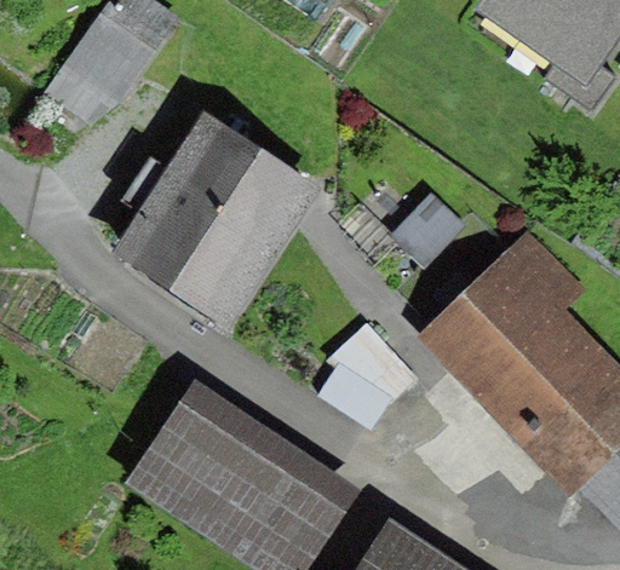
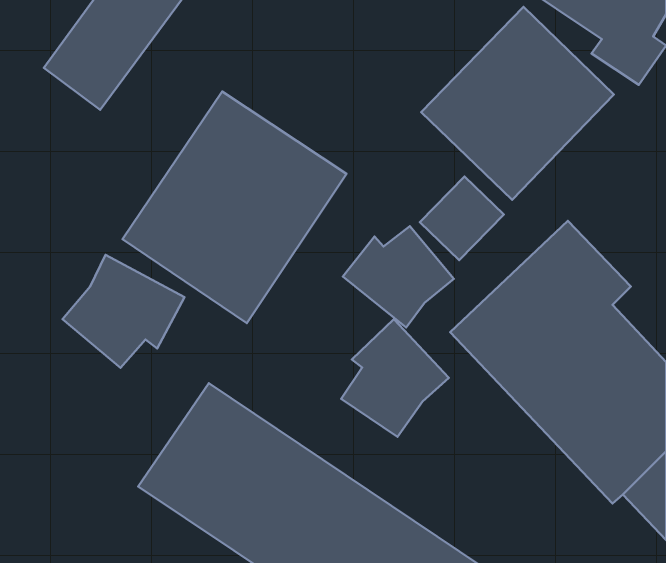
building: none -> [421,7,614,200]
building: none -> [343,226,454,328]
building: none -> [63,255,185,368]

